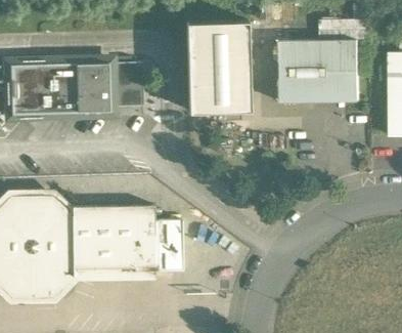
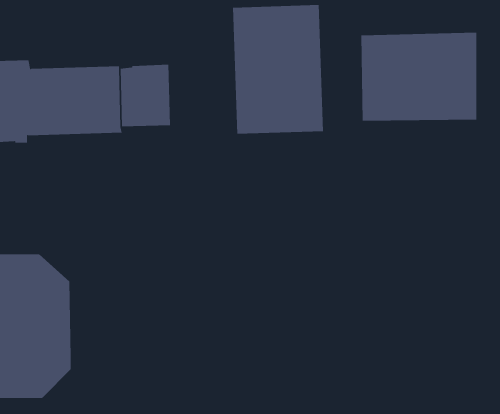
building: [72,207,181,272] -> none

